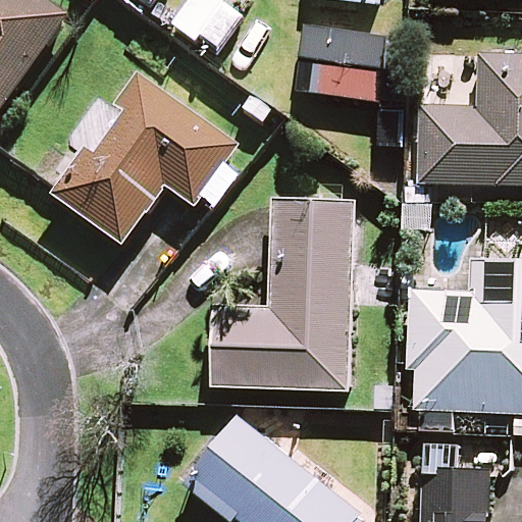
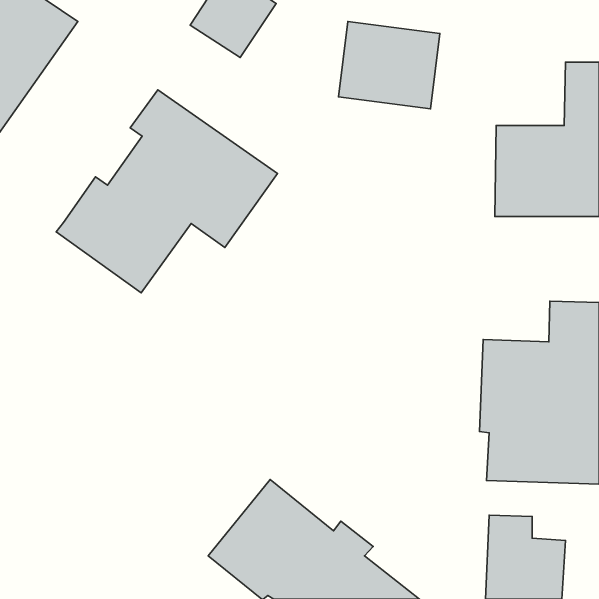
building: [213,198,359,389] -> none

